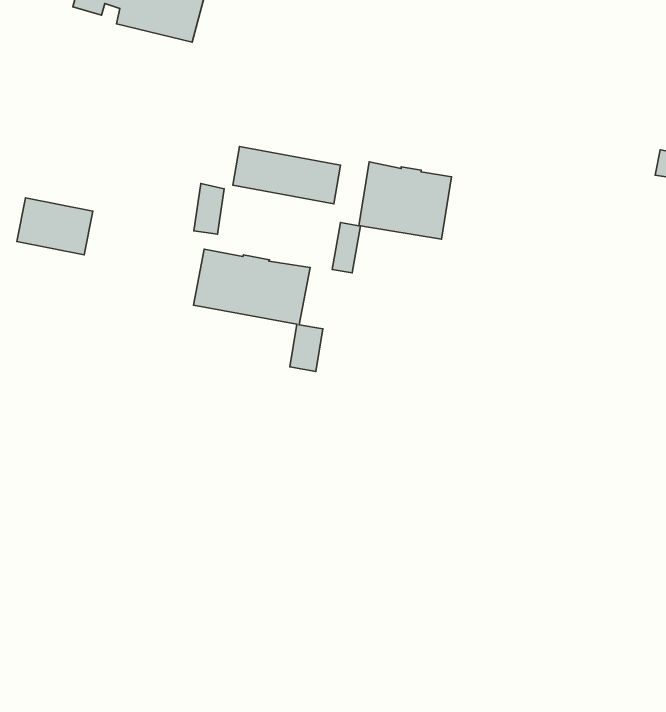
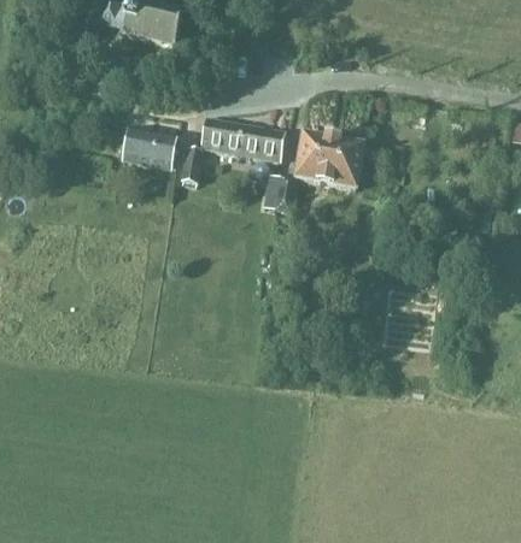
building: [17,198,93,255] -> [122,126,176,167]
building: [194,249,323,372] -> none

